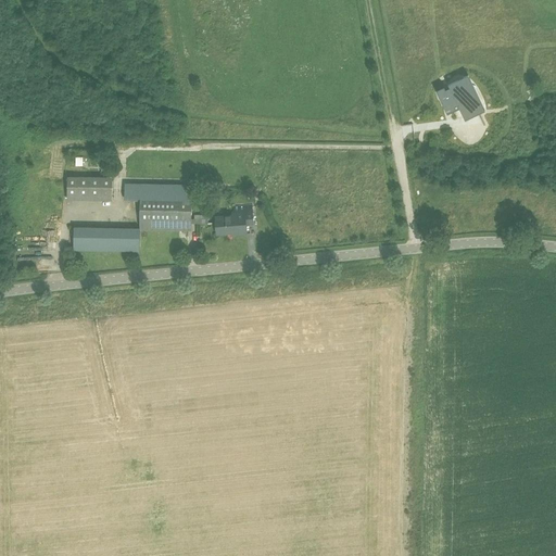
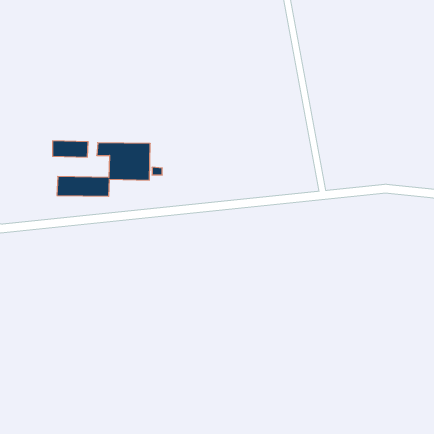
building: [437,75,485,126] -> none
building: [216,205,253,235] -> none

